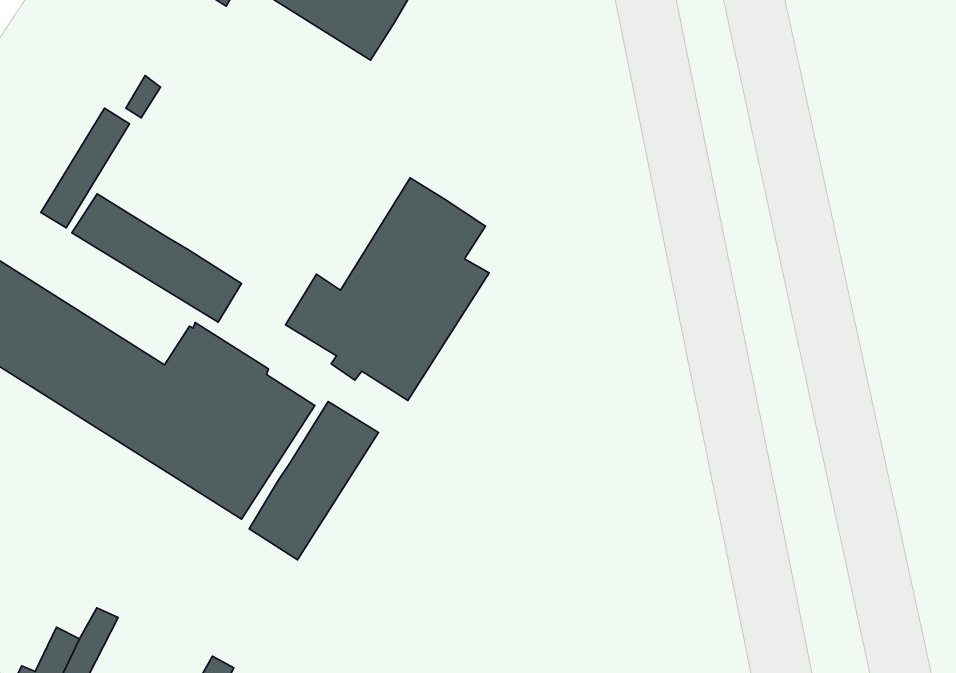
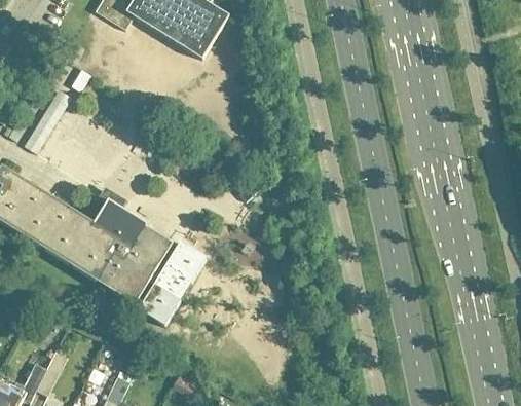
building: [286,178,489,400] -> none
building: [72,194,241,322] -> none

